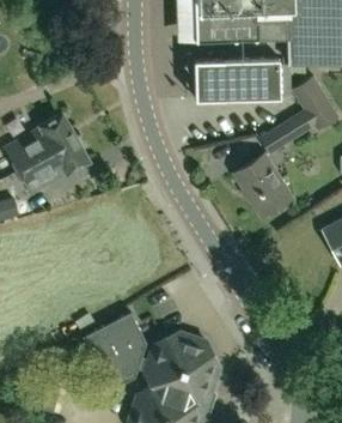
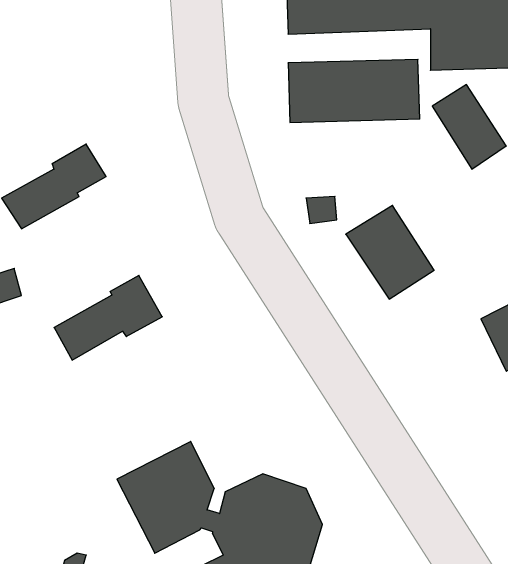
building: [257,117,299,155] -> none
building: [17,135,88,192] -> [54,275,162,360]

